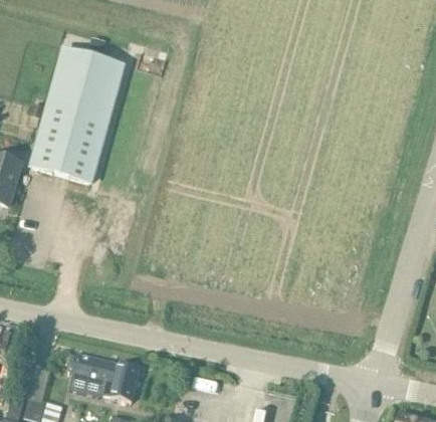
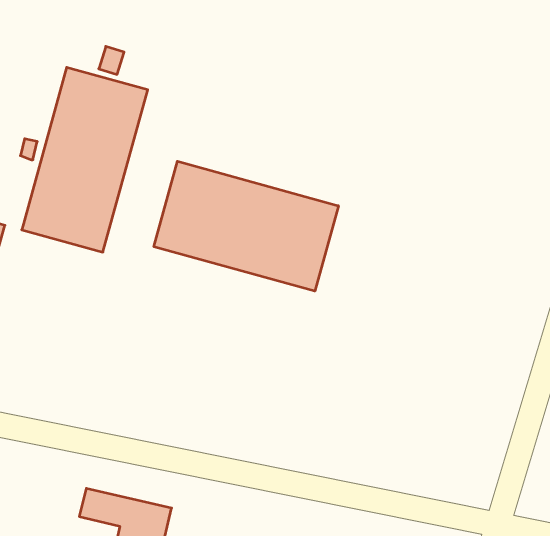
building: none -> [154,161,338,291]

